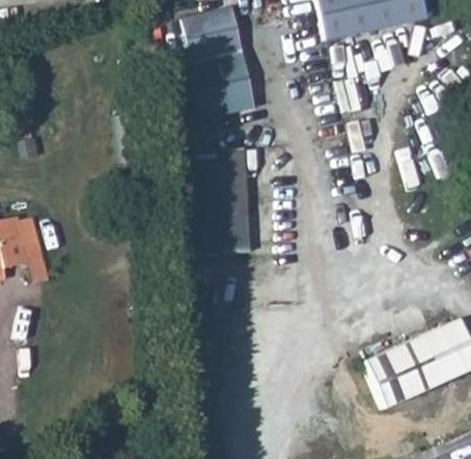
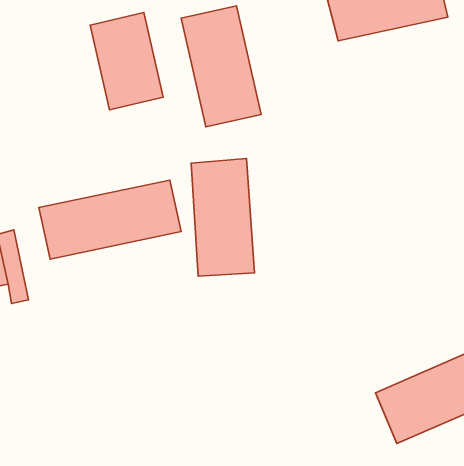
building: none -> [90,12,163,110]
building: none -> [39,180,181,259]

